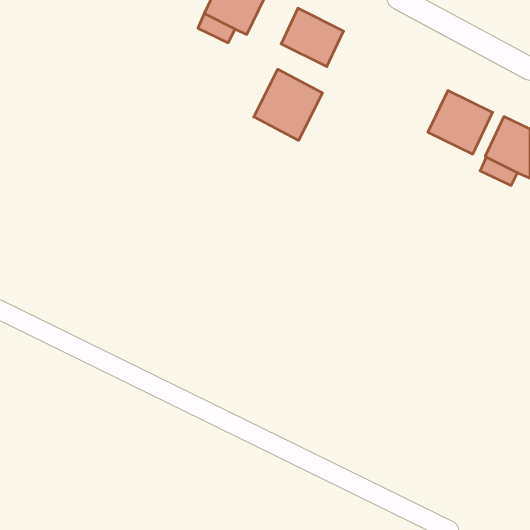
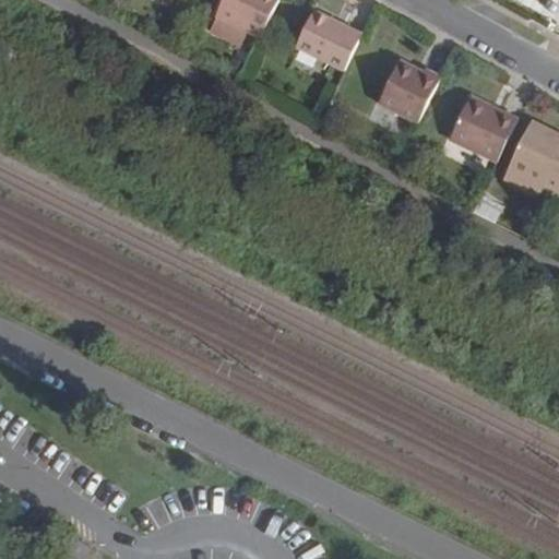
building: none -> [378,60,440,122]
building: [254,69,322,140] -> none

